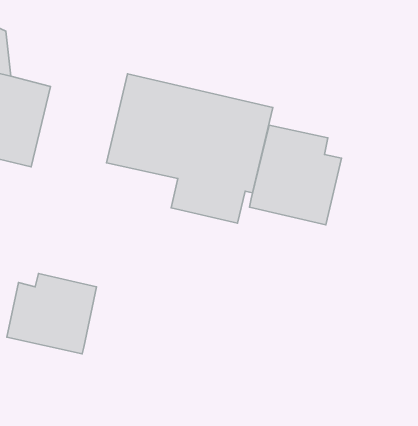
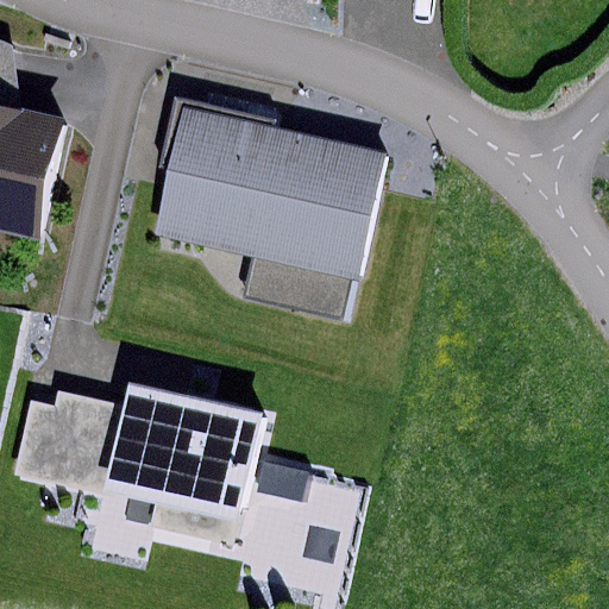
building: [249,125,342,225] -> none
building: none -> [119,387,269,519]

